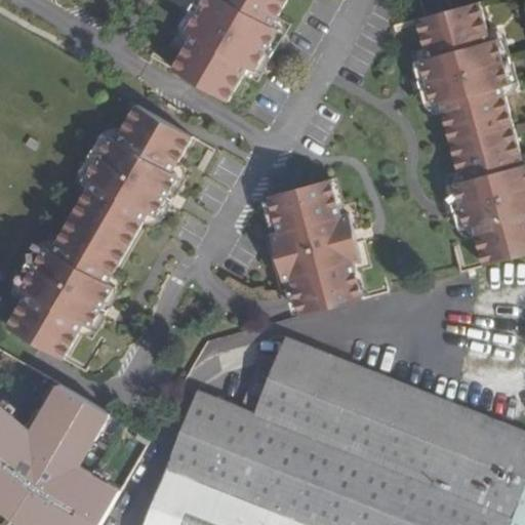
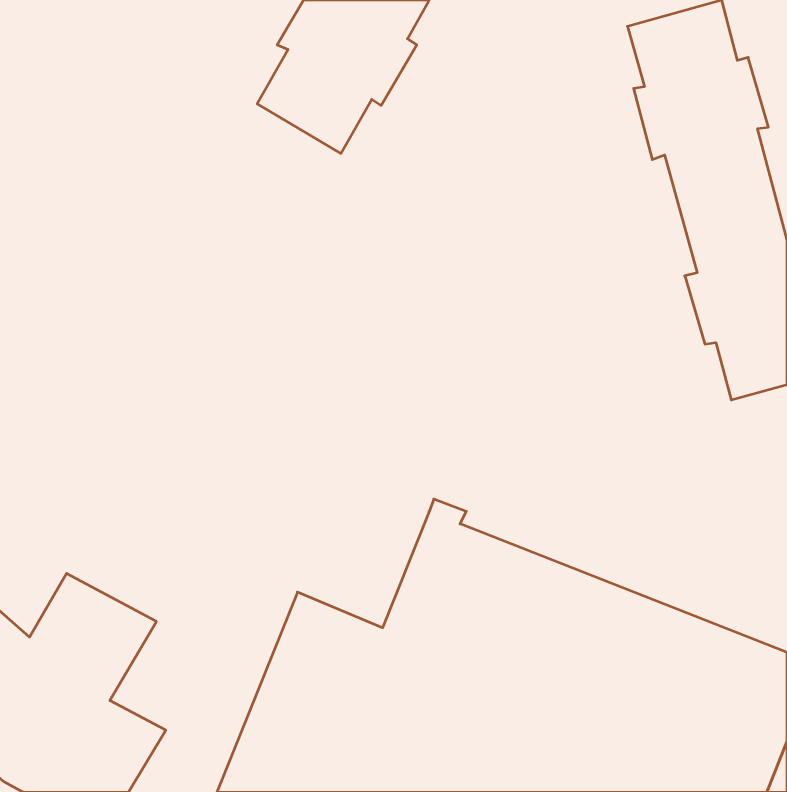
building: [6,106,189,360] -> none
building: [268,179,363,316] -> none

